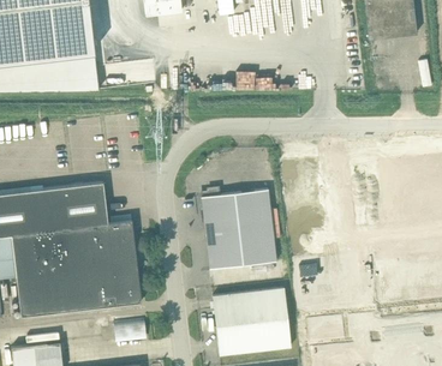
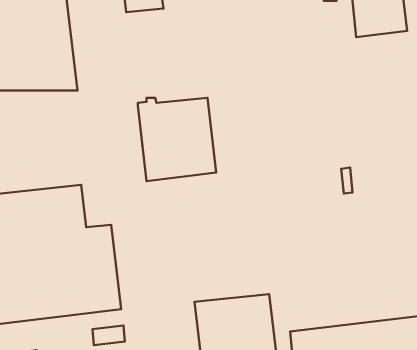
building: [201,190,276,270] -> [138,98,216,181]

